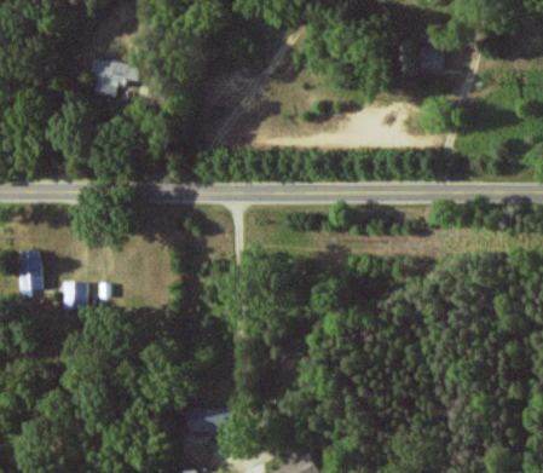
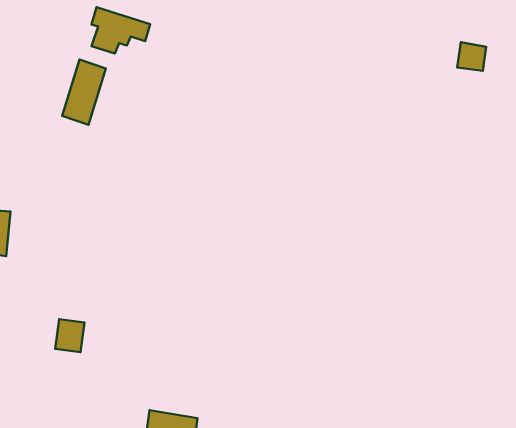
building: none -> [62,59,106,125]
building: [63,282,86,308] -> [55,319,85,352]

